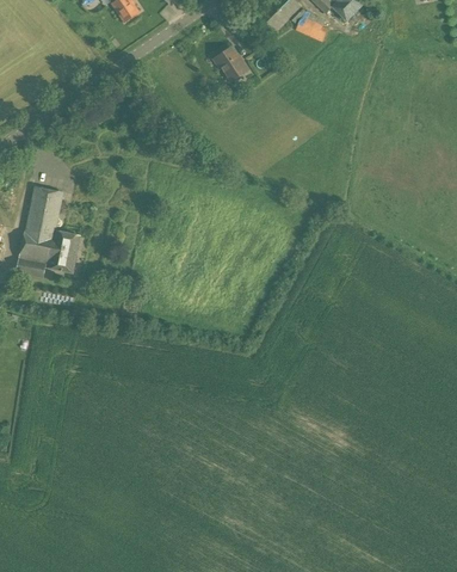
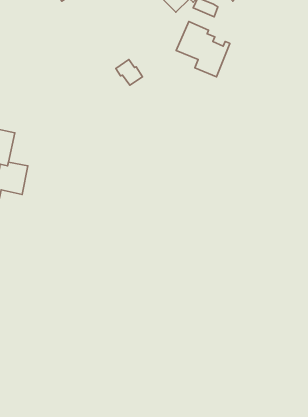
building: [214,45,248,79] -> [116,59,143,85]
building: none -> [176,22,230,77]

